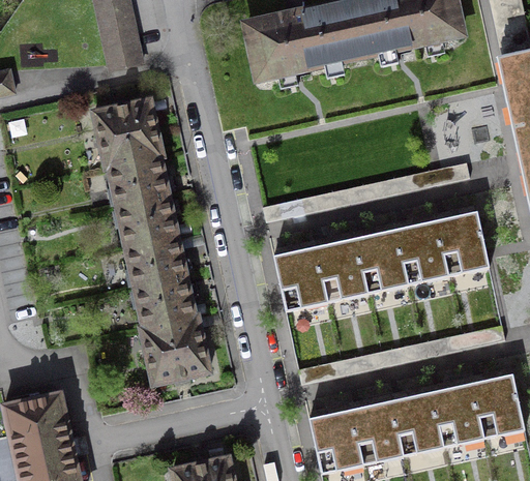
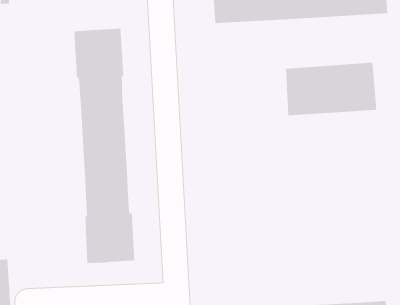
building: none -> [286,62,377,116]
building: [277,211,488,311] -> none

